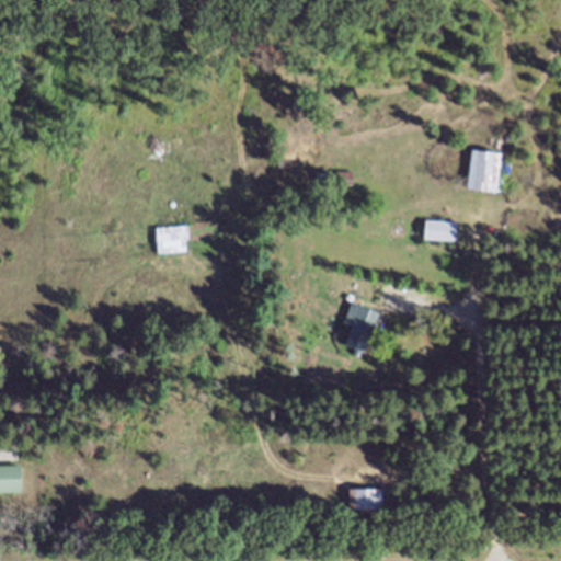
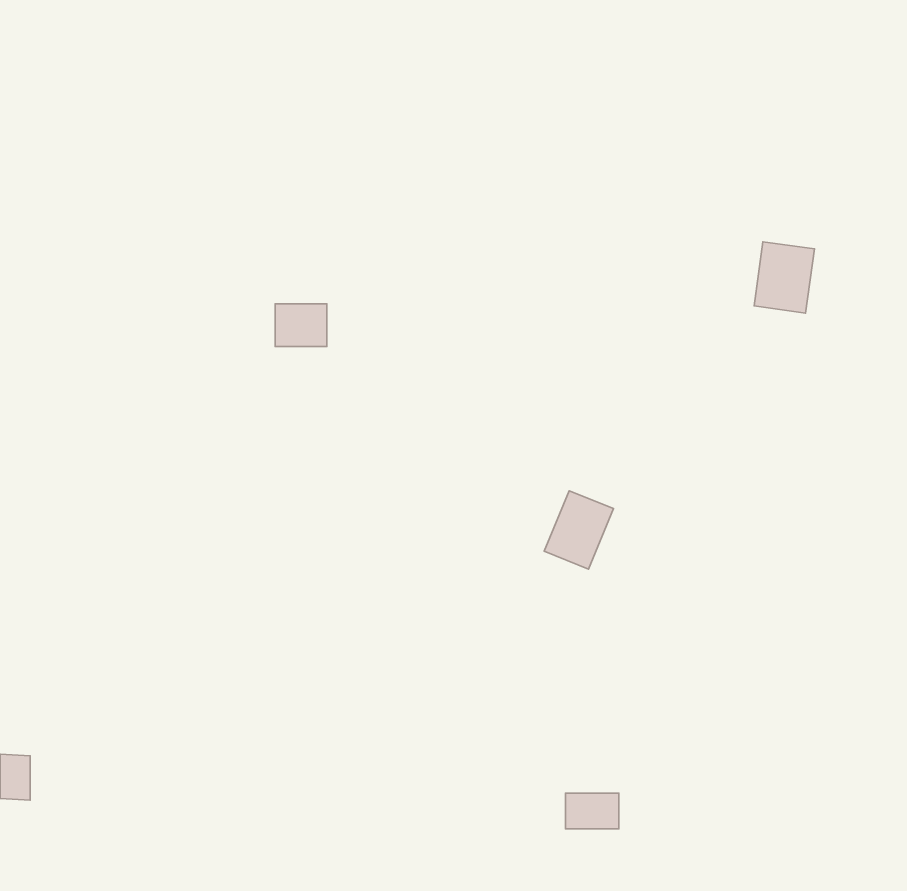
building: [423,221,458,241] -> none
building: [157,227,188,253] -> [275,304,327,347]

